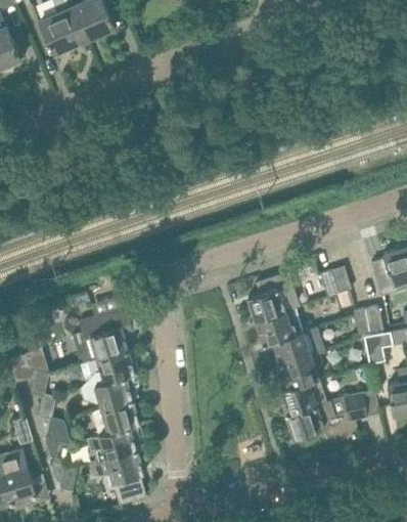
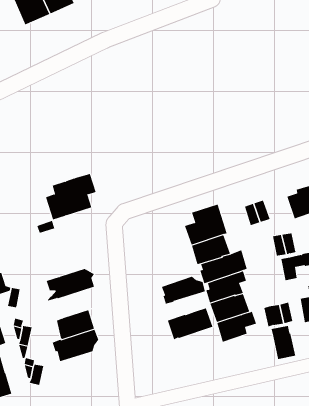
building: [71,308,133,364] -> [45,174,97,220]
building: none -> [161,276,205,305]
building: [82,372,139,409] -> none
building: none -> [167,307,213,340]
building: none -> [271,325,296,360]
building: [90,450,146,505] -> none

